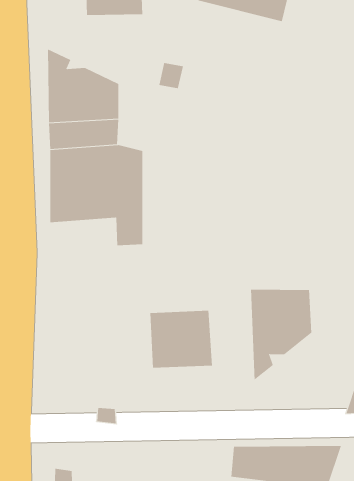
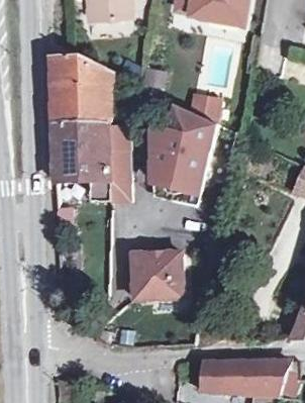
building: none -> [149,97,214,193]
building: [250,289,312,381] -> none

